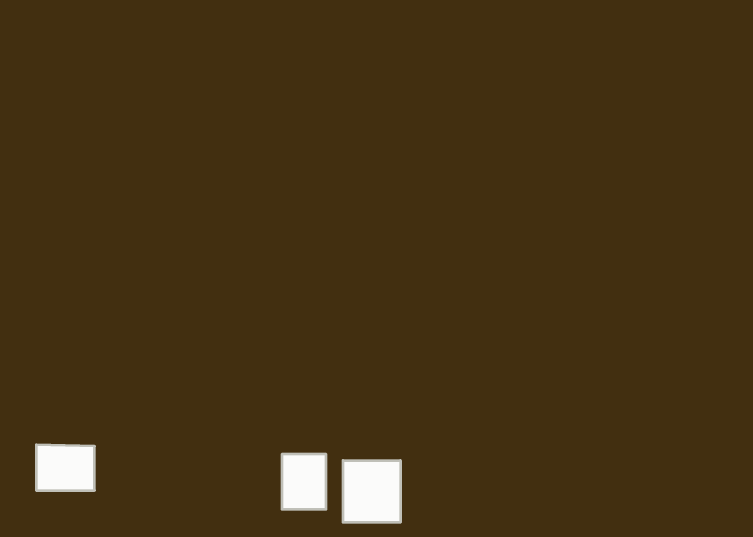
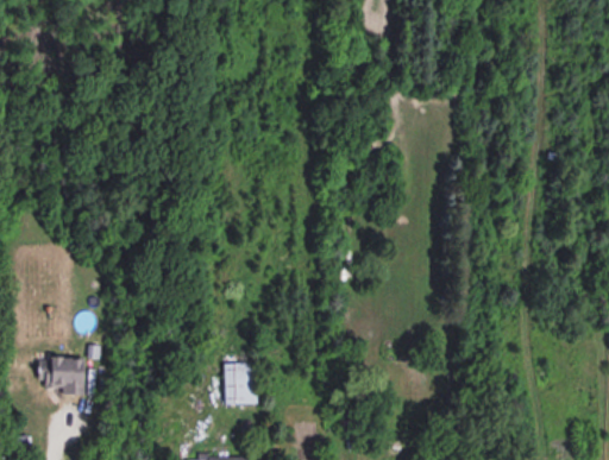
building: [343,460,400,522] -> none

